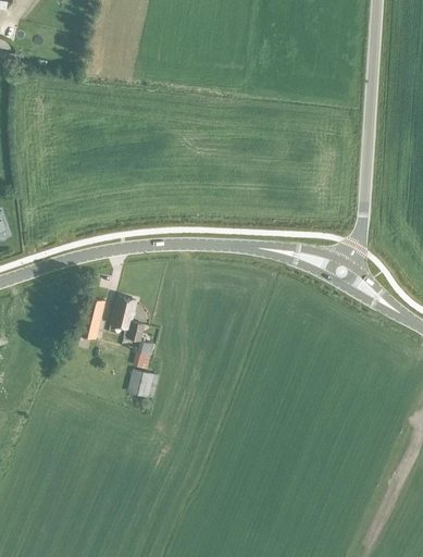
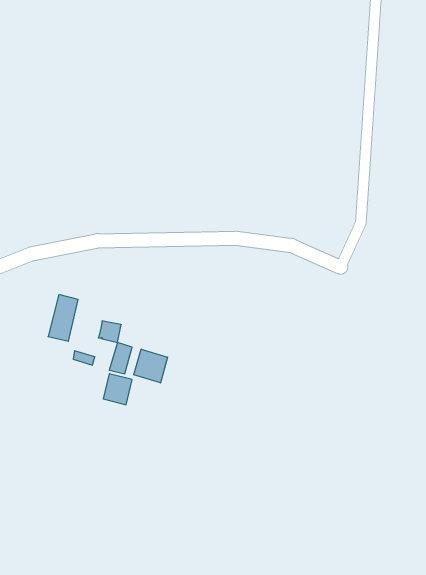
building: [110,296,135,326] -> none
building: none -> [134,349,168,383]

